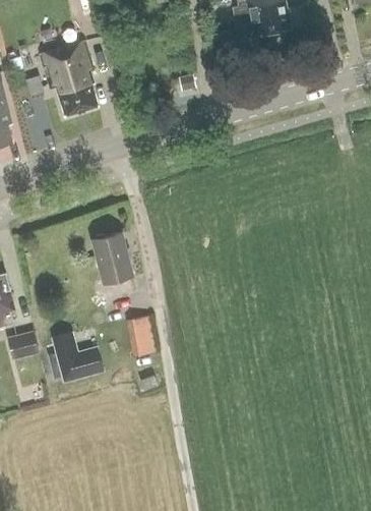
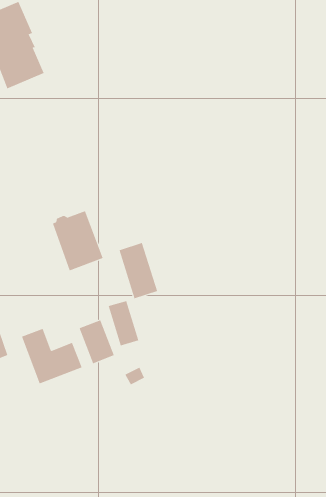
building: none -> [119,242,158,299]
building: none -> [79,319,114,364]

